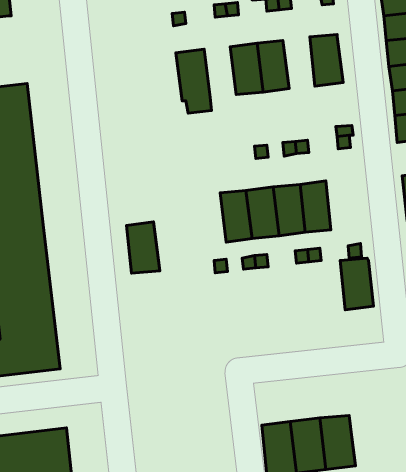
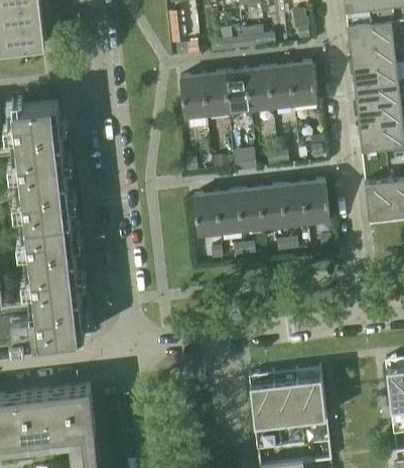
building: none -> [267,66,293,108]
building: none -> [203,74,229,115]
building: [127,222,160,273] -> [193,194,221,236]
building: [340,258,373,310] -> [302,182,329,224]

